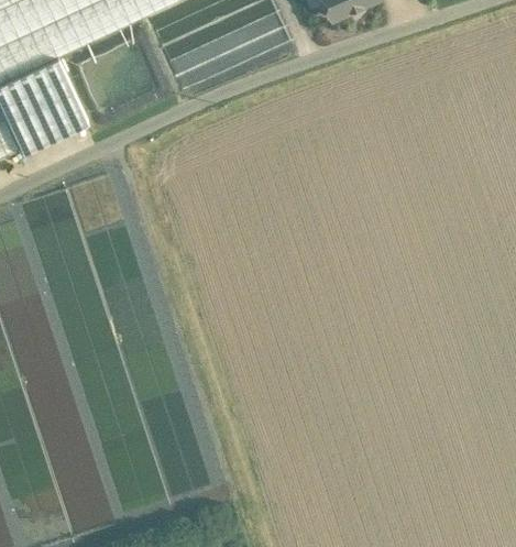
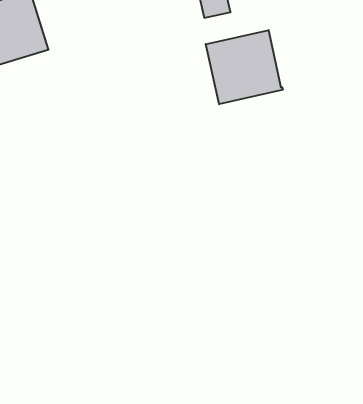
building: none -> [206,30,283,104]

